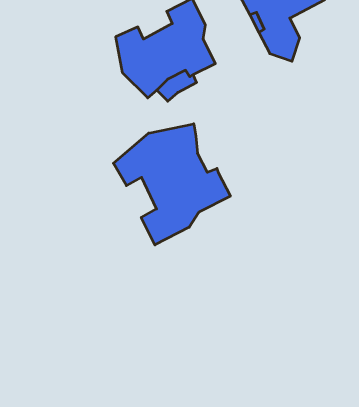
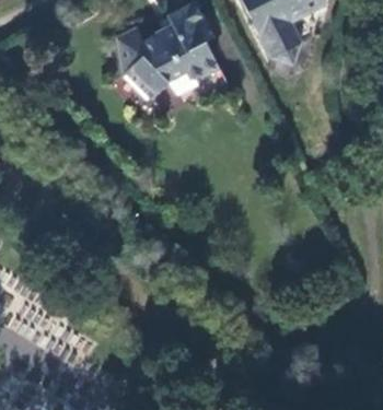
building: [113,124,230,245] -> none

